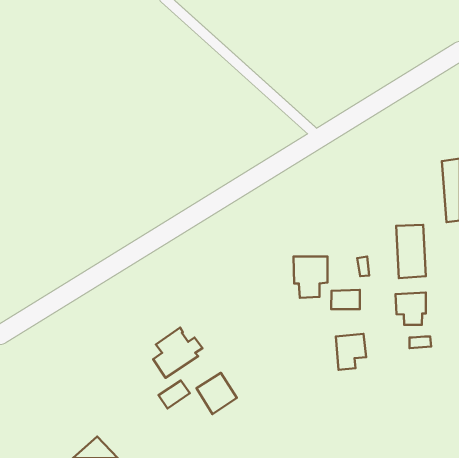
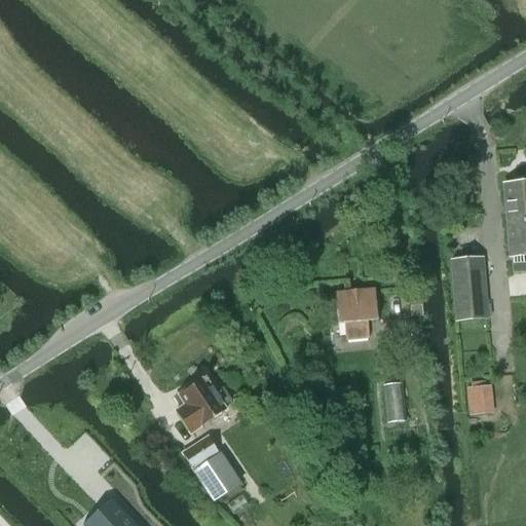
building: [331,290,360,309] -> none
building: [395,292,426,325] -> none
building: [196,373,237,414] -> [194,451,240,498]

